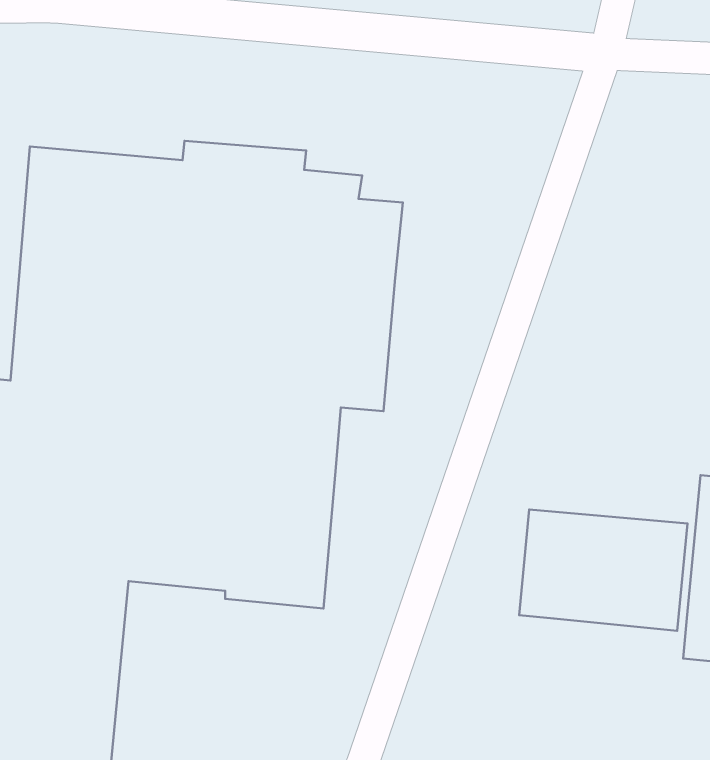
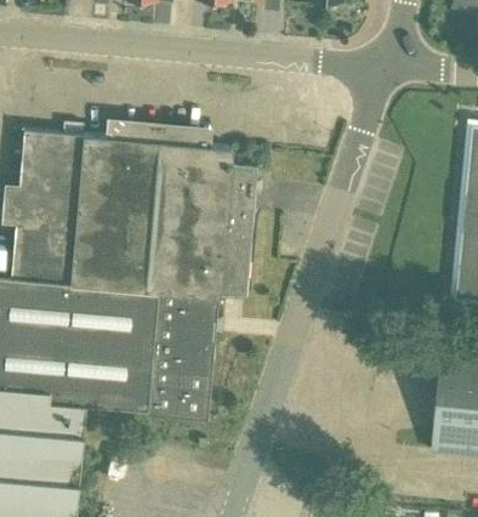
building: [519,509,687,631] -> none

